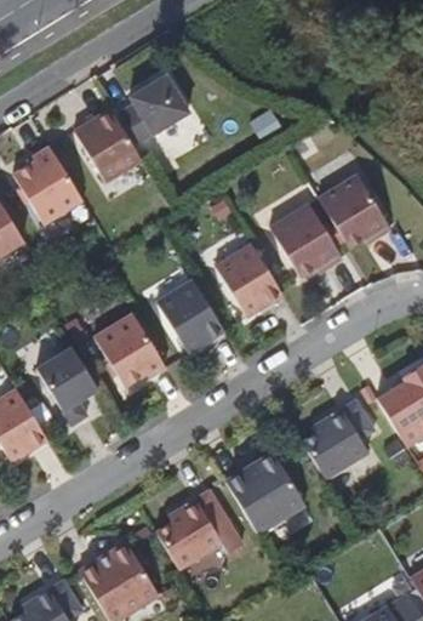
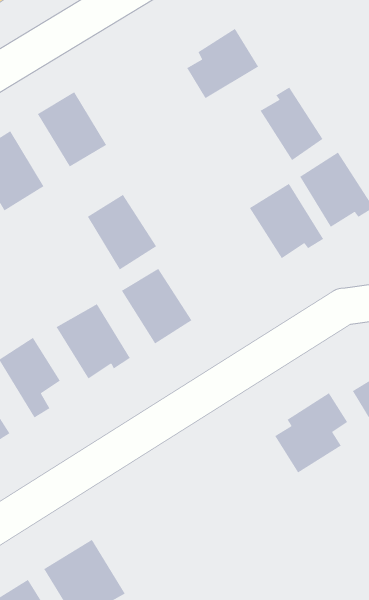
building: [120,75,190,144] -> [186,28,259,99]
building: none -> [259,86,324,161]
building: [215,244,282,318] -> [87,194,157,270]
building: [227,452,307,535] -> none
building: [156,490,244,570] -> none

